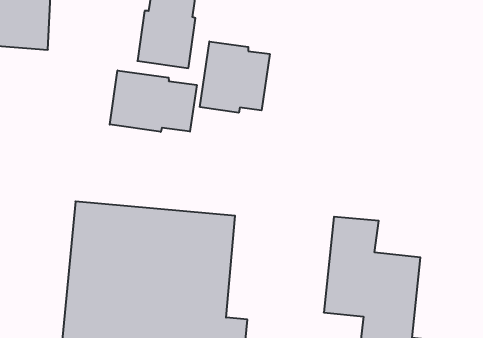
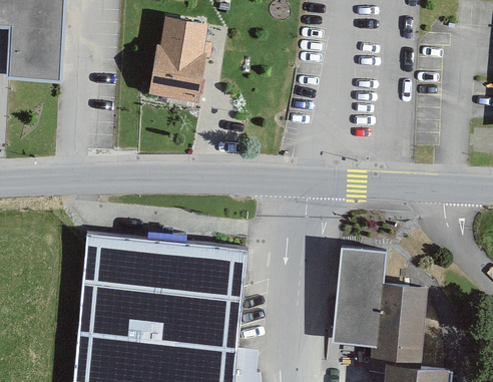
building: [200,41,270,113] -> none
building: [110,70,197,132] -> none

